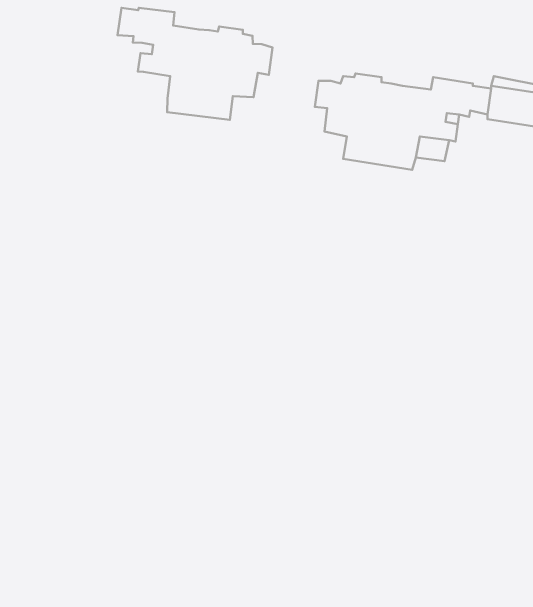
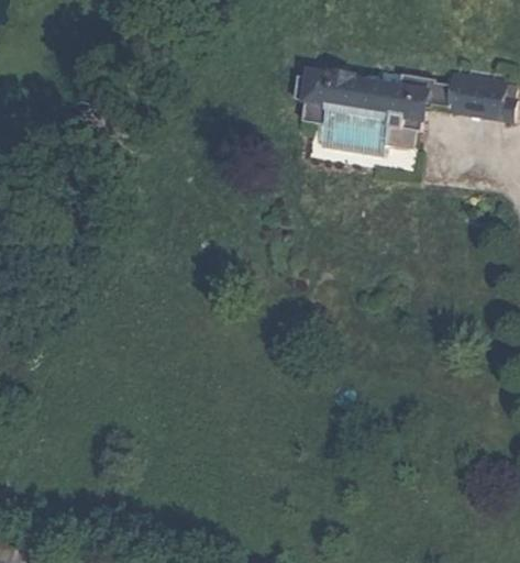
building: [118,8,273,120] -> none

